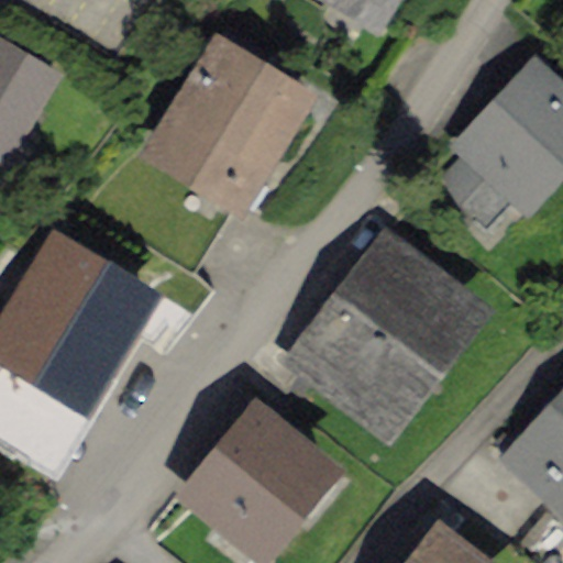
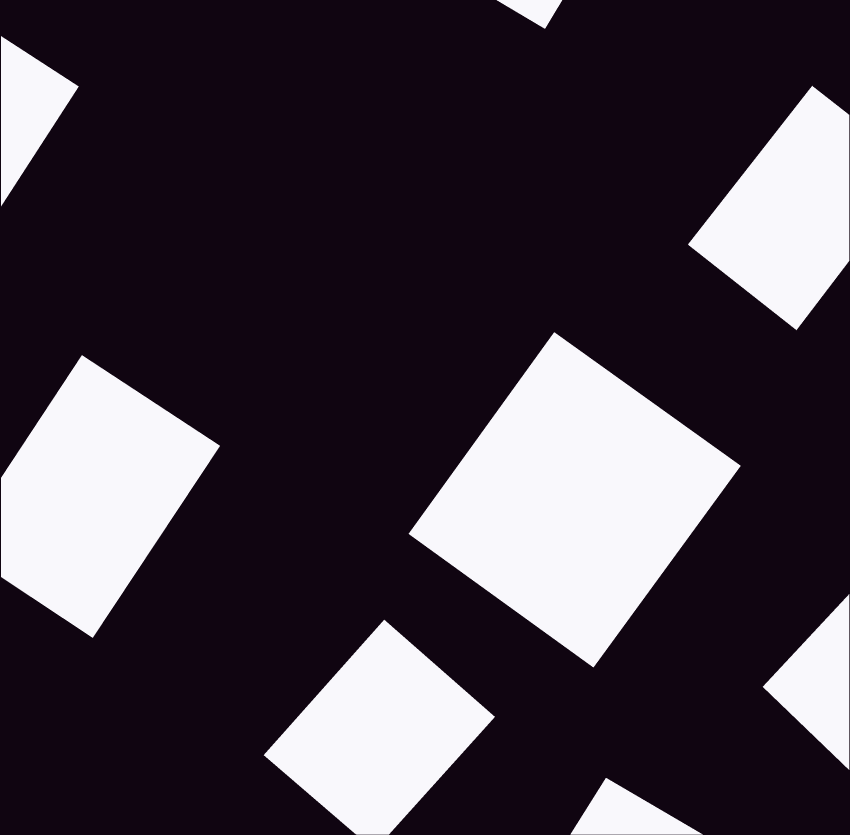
building: [157,35,299,186] -> none

